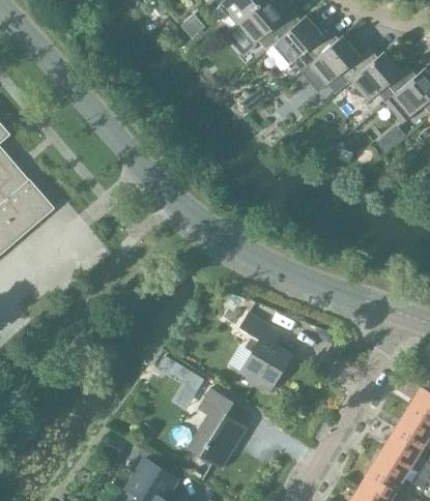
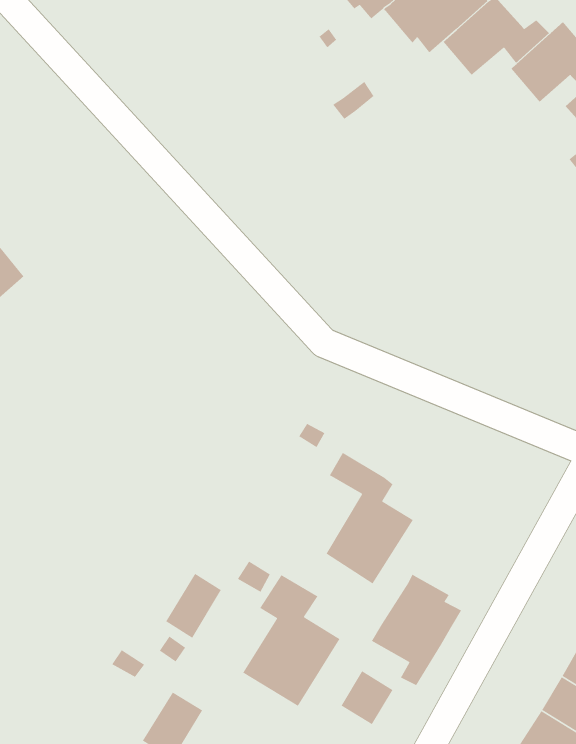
building: none -> [165,573,222,639]
building: none -> [371,574,462,686]
building: none -> [340,670,393,725]

